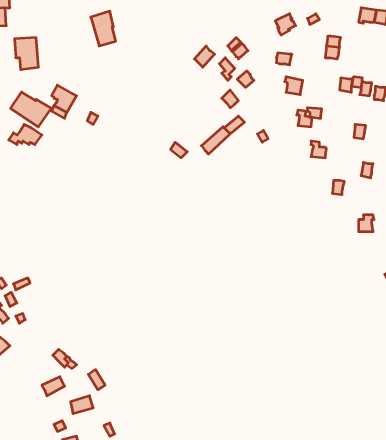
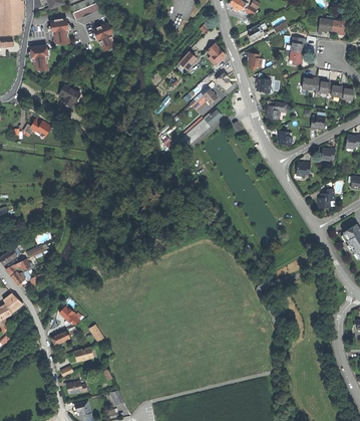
building: none -> [49,17,69,45]
building: [11,92,51,127] -> none

